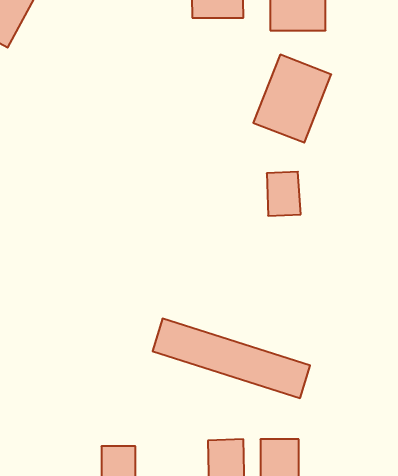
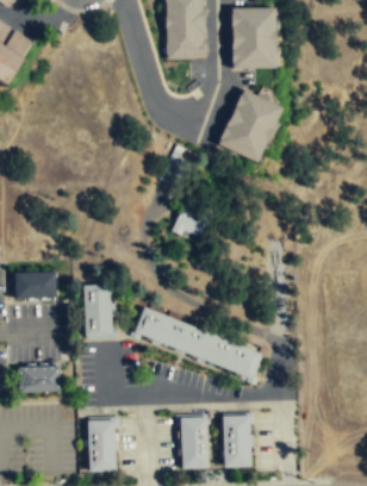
building: [267,172,301,216] -> [178,200,206,237]
building: none -> [14,272,56,298]
building: none -> [82,285,112,338]
building: none -> [20,367,60,393]

